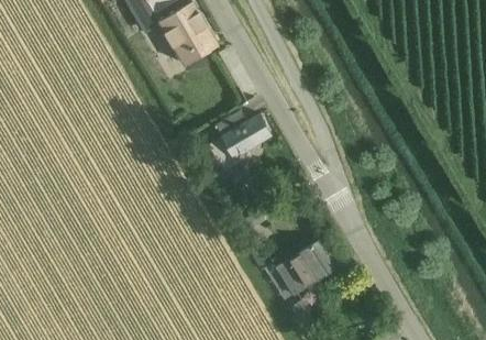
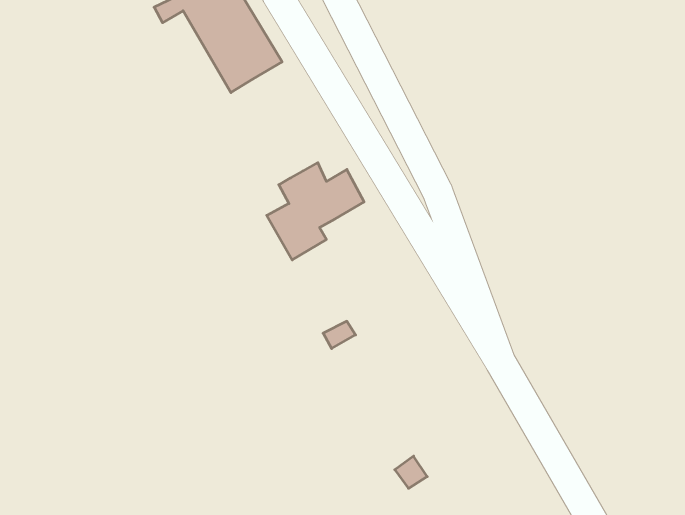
building: [277,240,339,296] -> none

